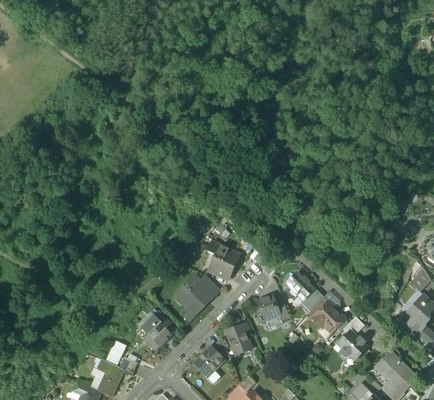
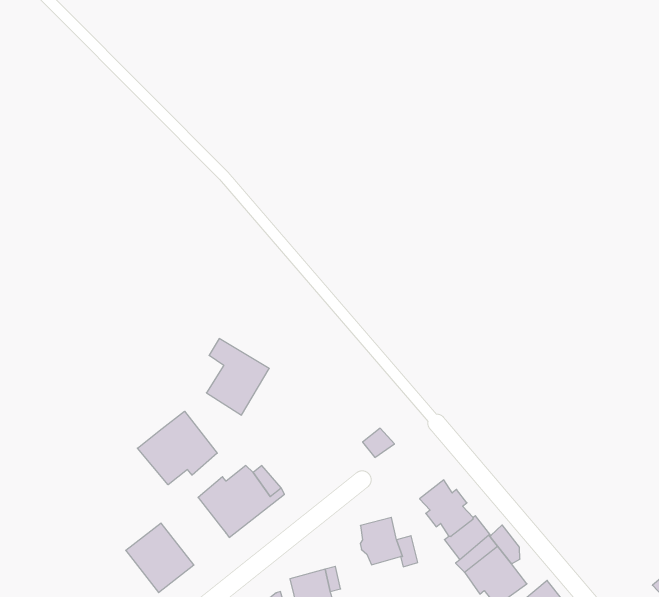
building: [207,243,238,280] -> [206,339,269,415]
building: none -> [137,411,217,485]

